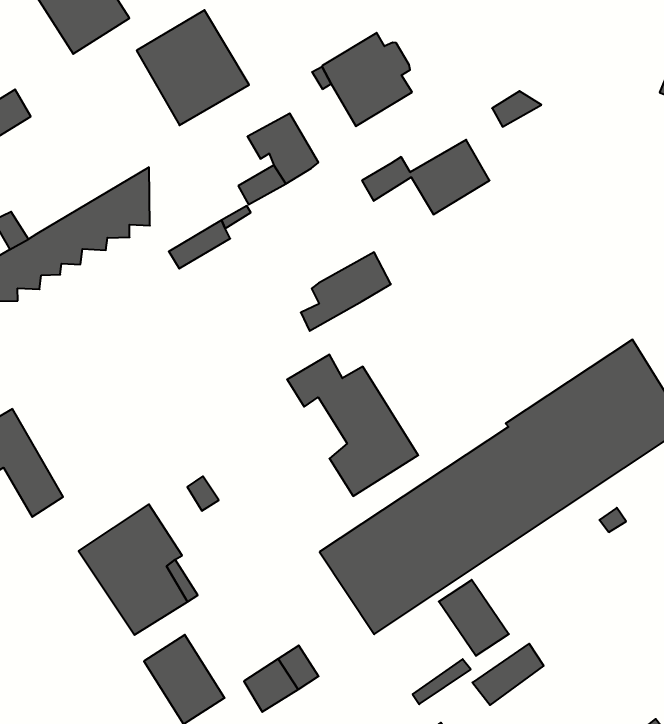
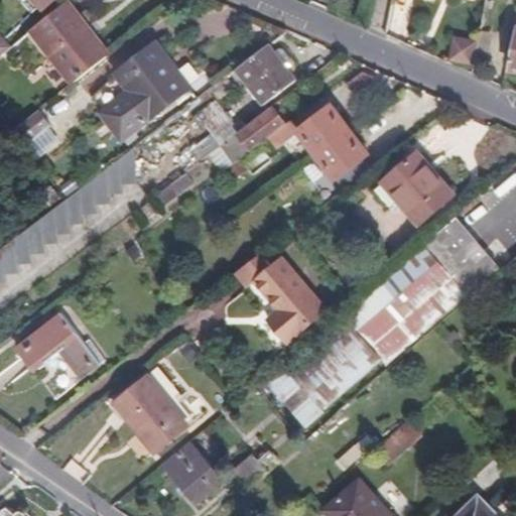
building: none -> [89,74,146,141]
building: none -> [315,129,368,190]
building: none -> [385,154,455,226]
building: [301,252,391,331] -> [229,107,284,162]
building: [439,580,509,656] -> none

